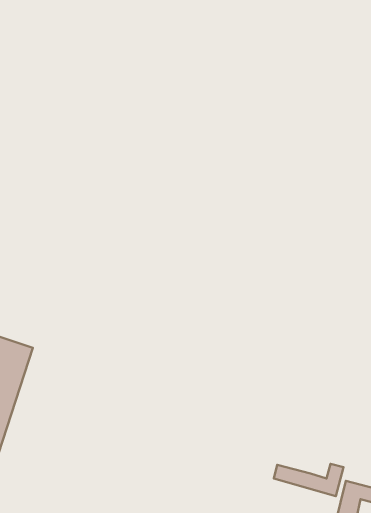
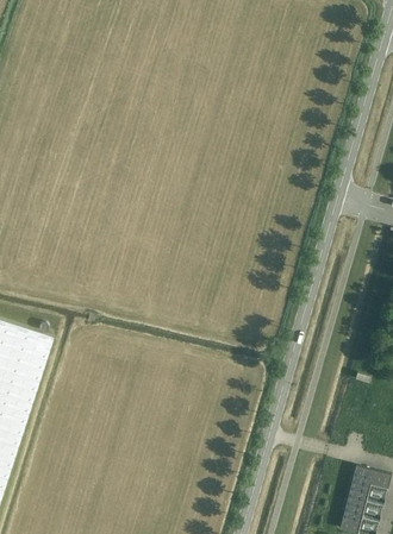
building: [274,464,344,496] -> none

